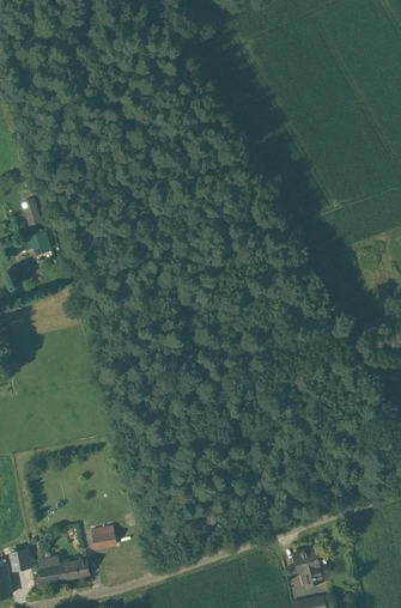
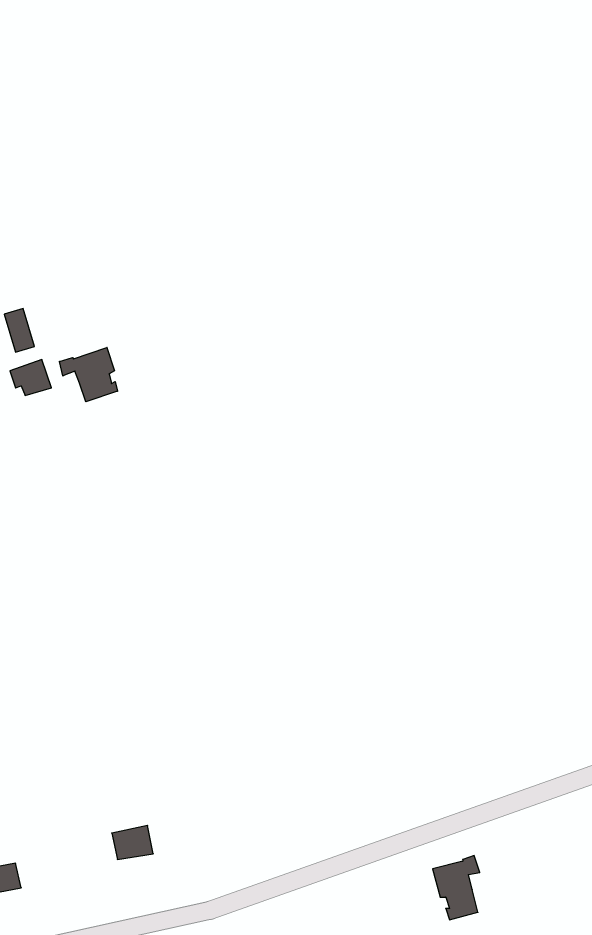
building: none -> [59,347,118,402]
building: [37,553,86,584] -> none

